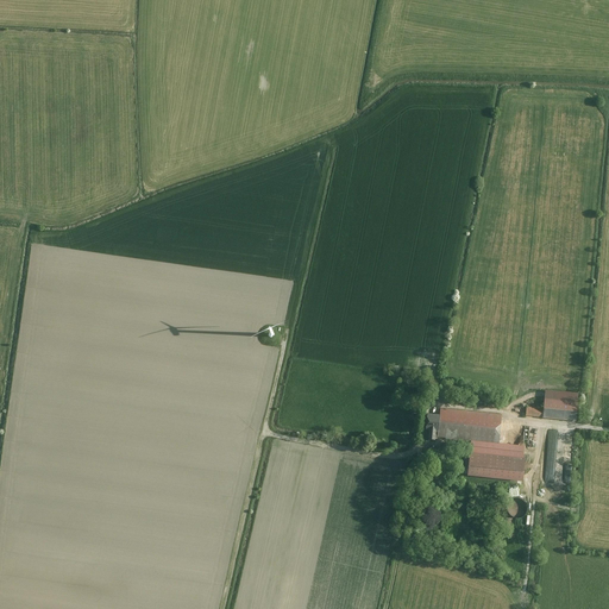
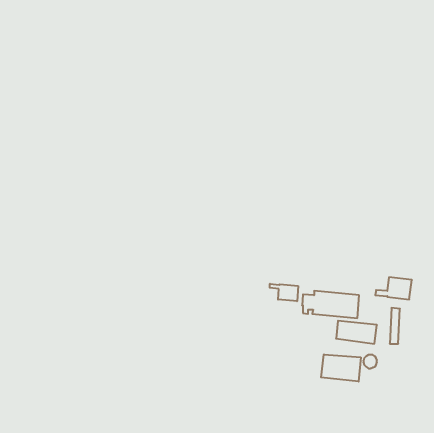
building: none -> [270,284,298,301]
building: none -> [321,354,361,382]

